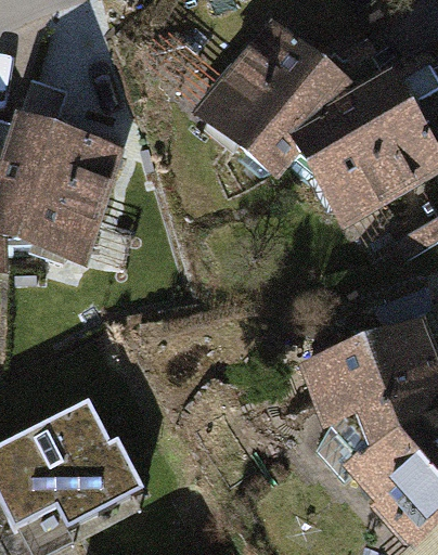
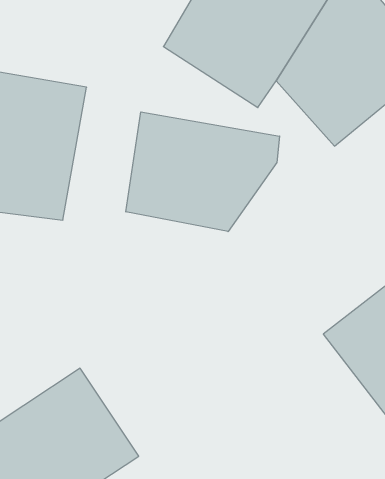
building: none -> [126,112,280,232]

